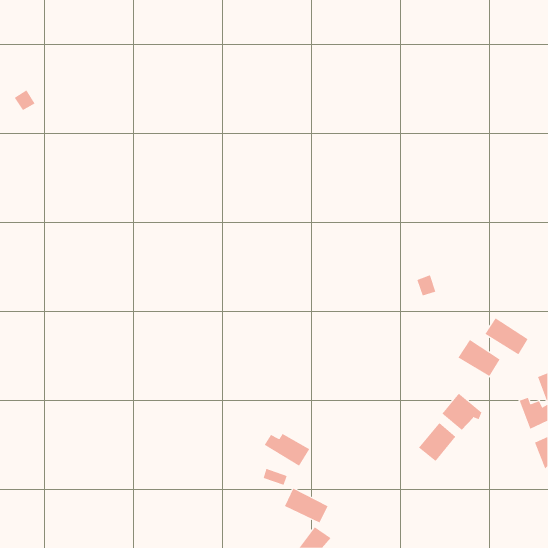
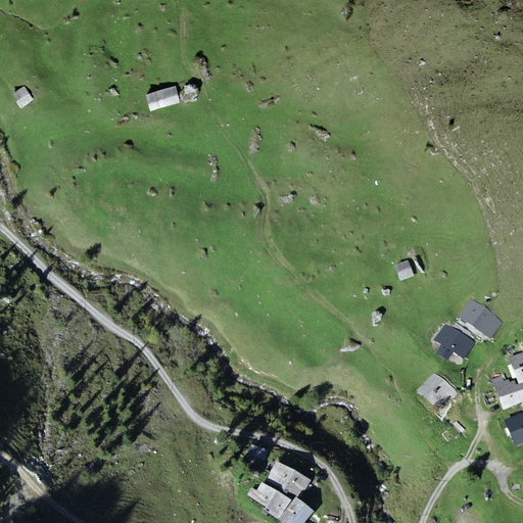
building: none -> [147,84,181,108]
building: [418,422,456,462] -> none
building: [264,433,310,466] -> [245,483,289,515]

